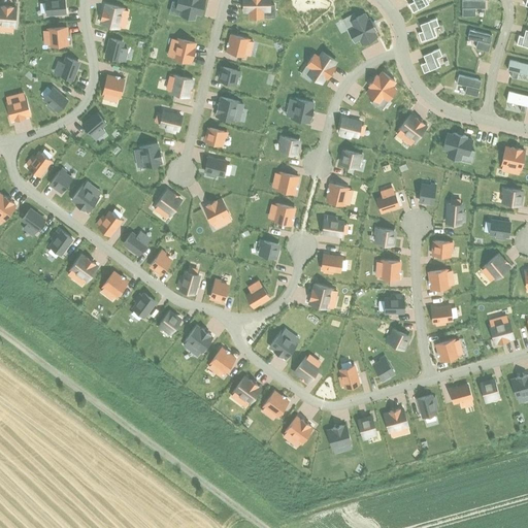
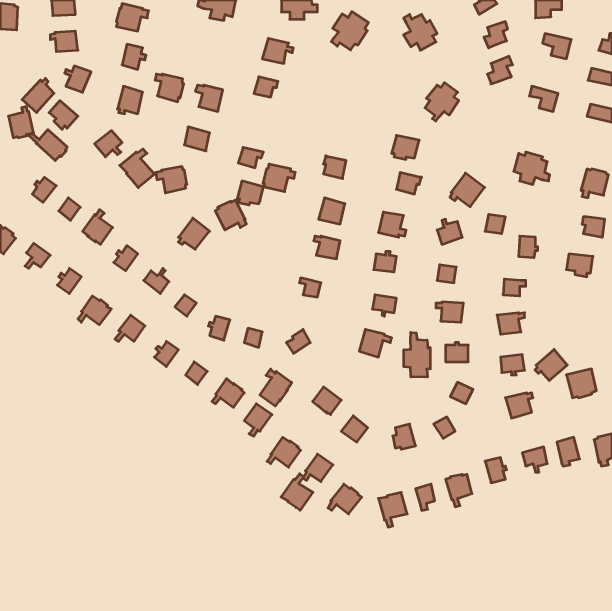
building: [170,39,195,63] -> [155,74,184,102]
building: [304,51,336,84] -> [331,12,368,50]
building: none -> [22,78,54,113]
building: [214,97,242,121] -> [263,164,295,192]
building: [288,98,314,123] -> none
building: none -> [29,130,67,161]
building: [396,113,426,142] -> [450,173,485,207]
building: none -> [120,149,155,188]
building: [203,199,230,225] -> [215,200,246,230]
building: [482,253,509,279] -> [535,349,567,381]
building: none -> [404,332,430,377]
building: none -> [260,369,292,406]
building: none -> [281,474,313,510]

